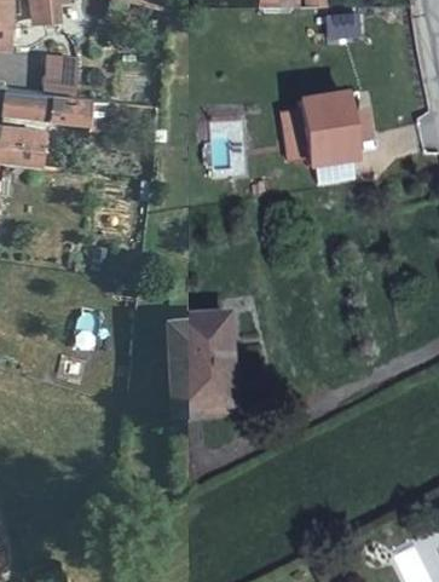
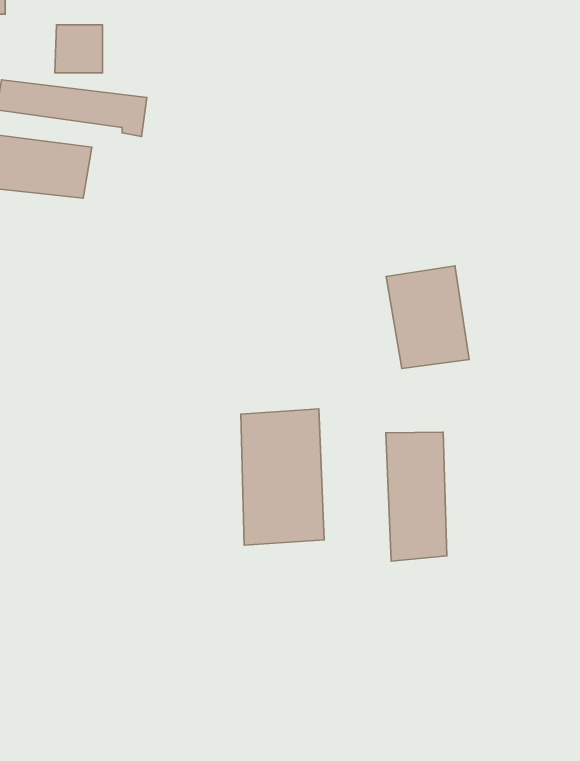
building: [294,96,351,166] -> [386,266,469,368]
building: none -> [386,432,447,561]

